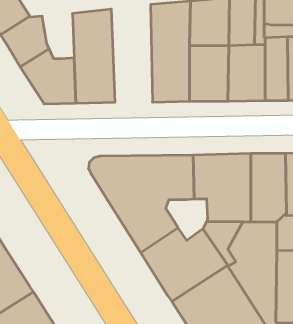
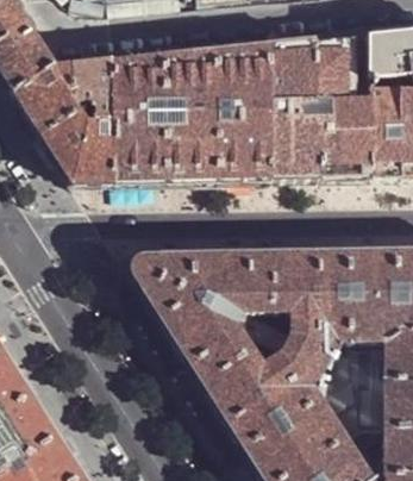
building: none -> [162,48,217,179]
building: none -> [69,60,112,120]
building: none -> [234,308,290,364]

